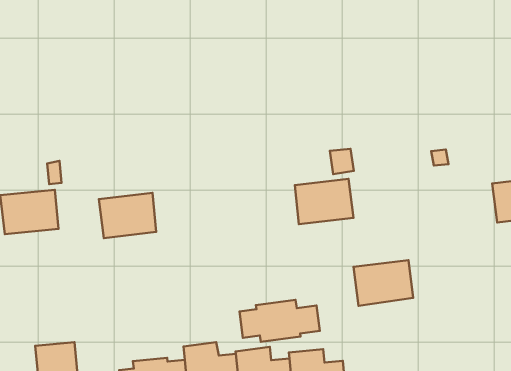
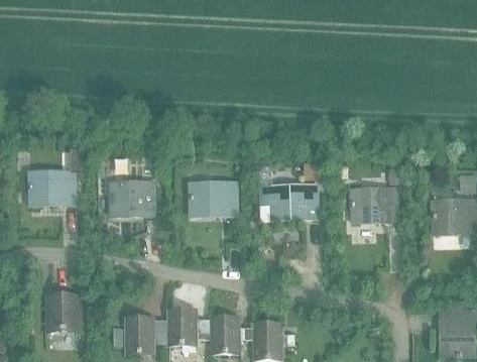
building: none -> [191,184,236,217]
building: [353,260,413,306] -> [351,190,397,223]
building: [239,300,320,342] -> none

